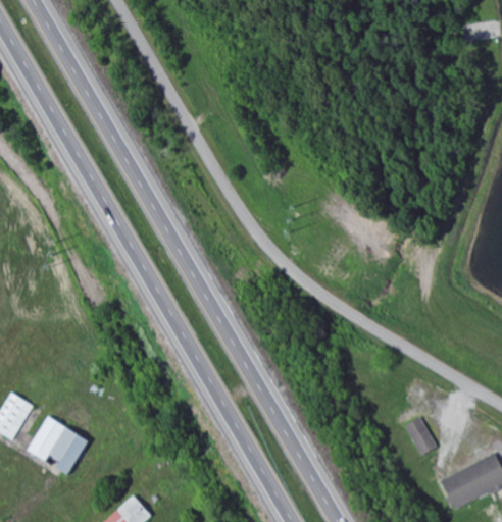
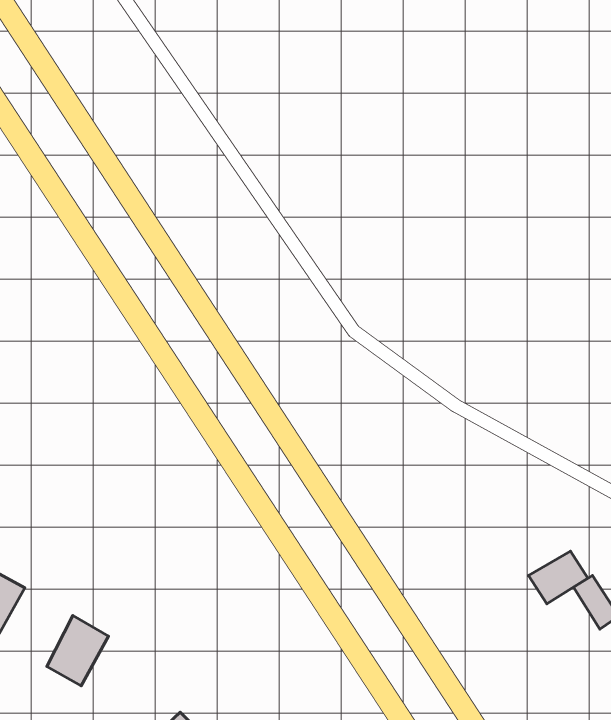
building: none -> [528,551,588,604]
building: [28,416,64,460] -> none

